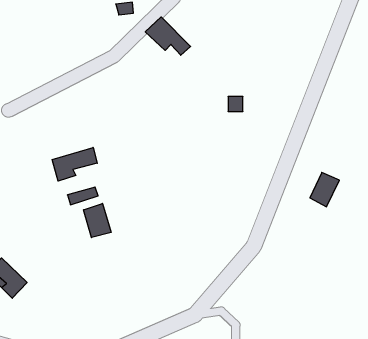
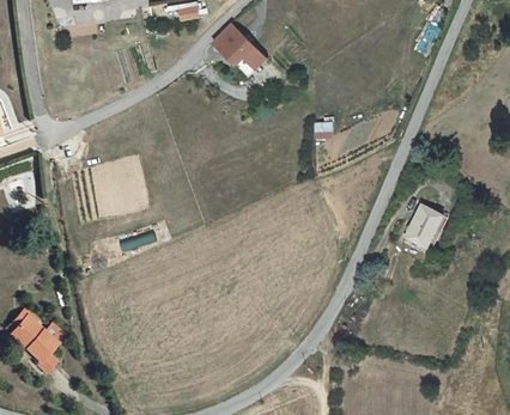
building: [52,147,97,181] -> none
building: [84,203,111,238] -> none

